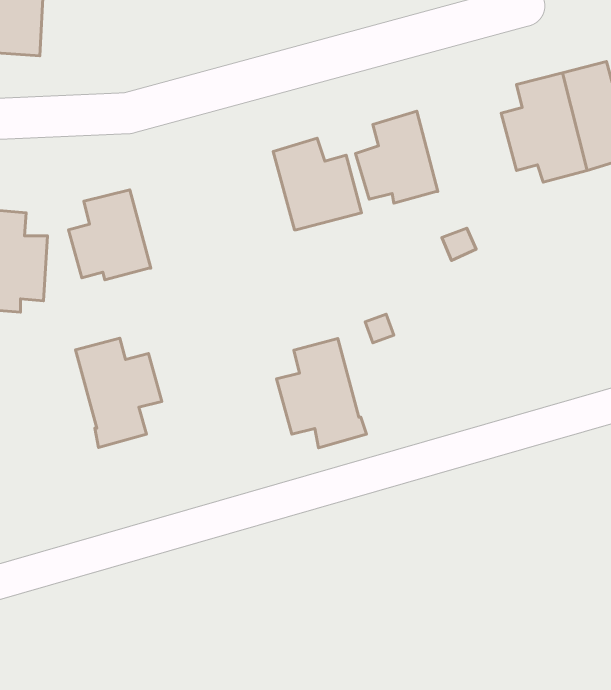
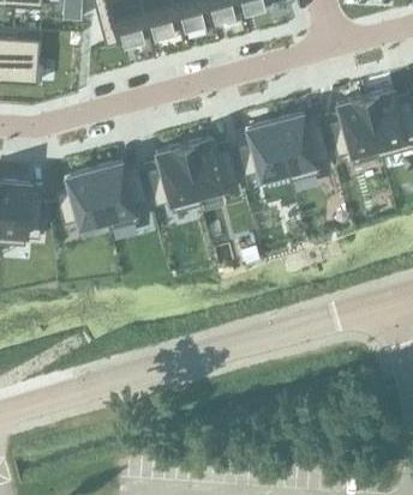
building: none -> [274,110,329,179]
building: [76,338,162,447] -> [94,159,148,228]
building: [277,339,367,448] -> [145,143,202,211]

